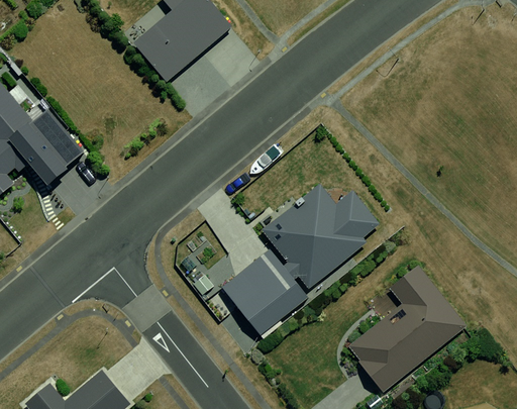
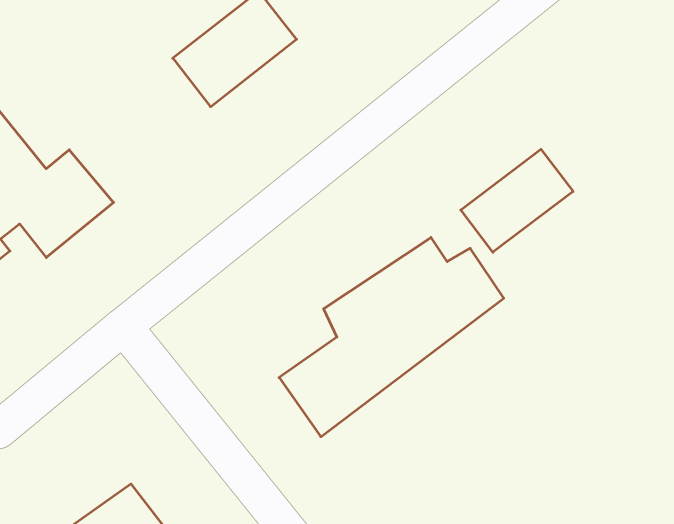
building: none -> [461,149,573,252]
building: [347,267,471,391] -> none

